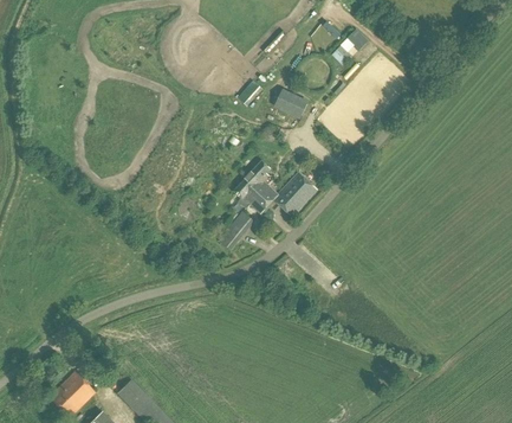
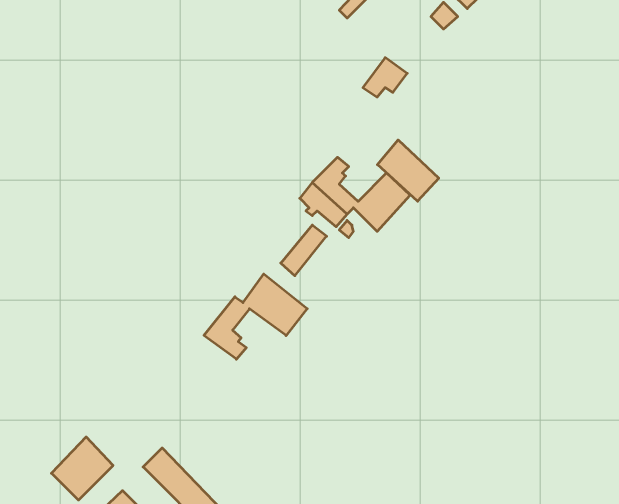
building: none -> [377,140,439,201]
building: none -> [204,274,307,359]

